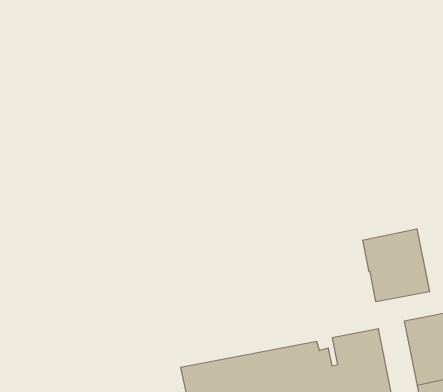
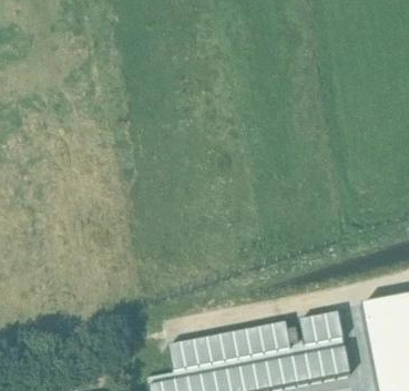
building: [363,229,429,302] -> none

